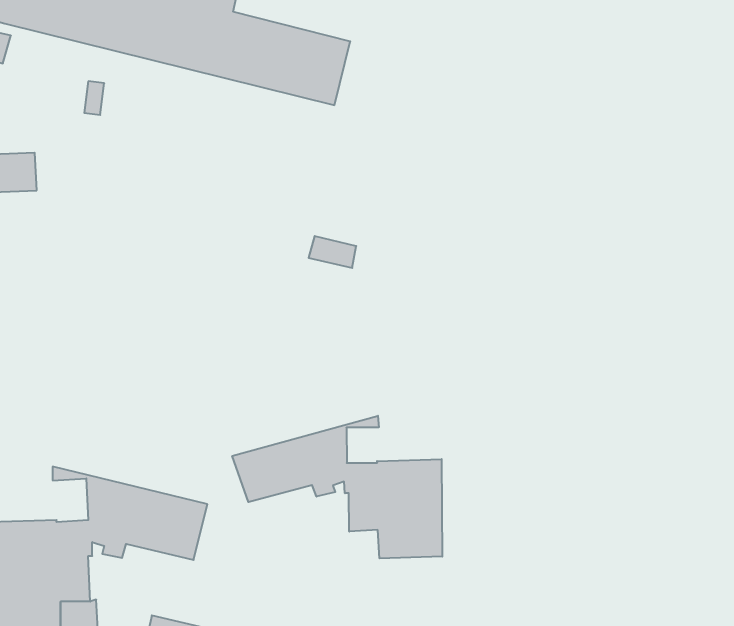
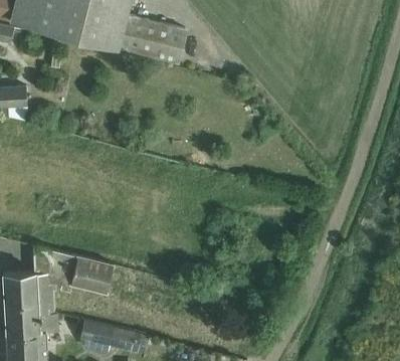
building: [232,416,442,558] -> none

